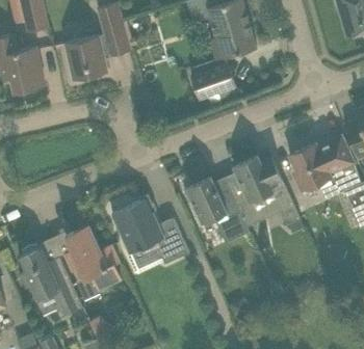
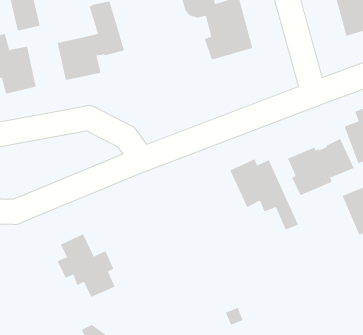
building: [189,62,235,99] -> none
building: [185,177,249,242] -> none
building: [110,197,188,264] -> none
building: [18,245,82,317] -> none

